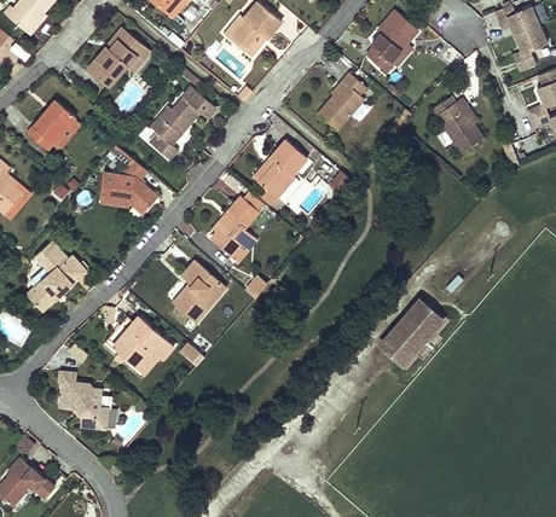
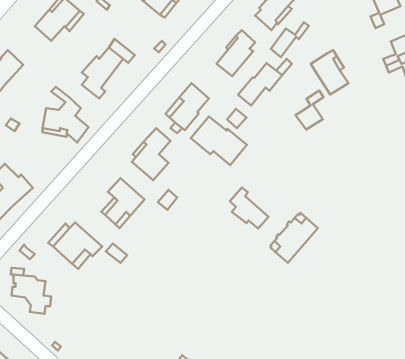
building: none -> [271,22,309,57]
building: none -> [238,63,282,105]
building: none -> [295,91,323,129]
building: none -> [191,117,247,165]
building: none -> [230,188,268,229]

